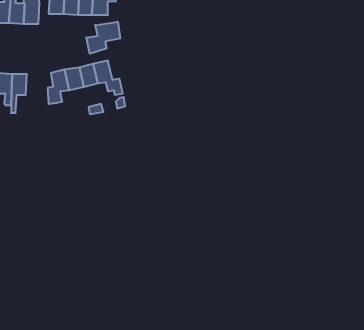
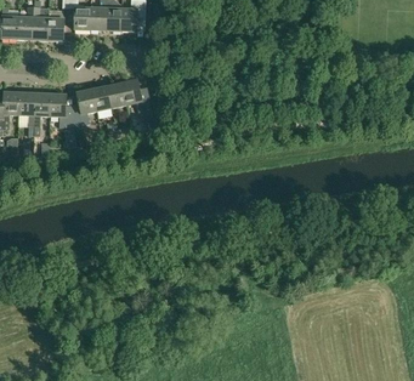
building: [86,22,120,54] -> none
building: none -> [50,93,74,126]

